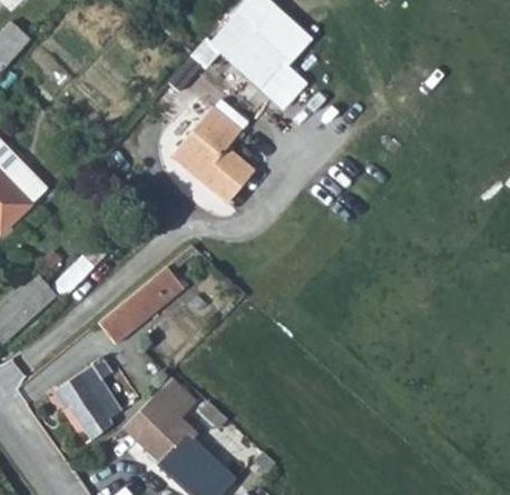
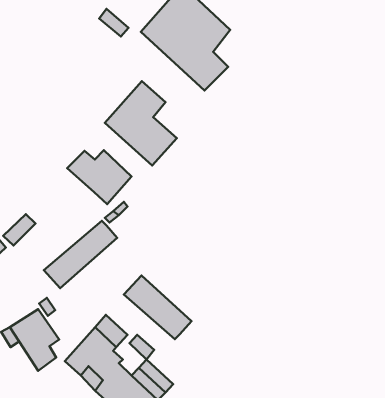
building: none -> [67,150,131,204]
building: none -> [124,276,191,339]

